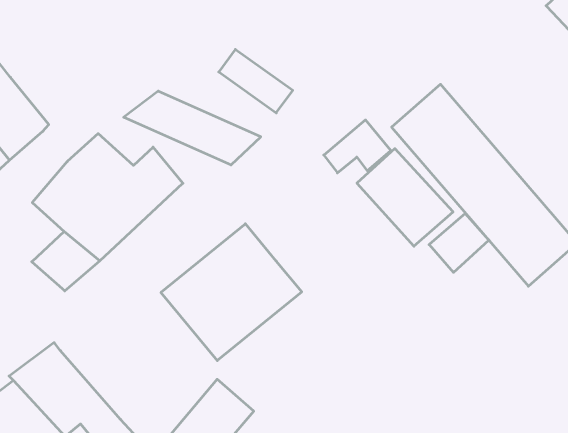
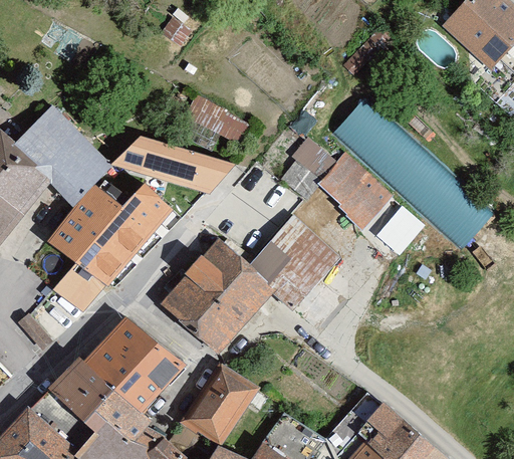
building: none -> [17,106,108,205]
building: none -> [253,214,352,306]
building: none -> [87,314,184,409]

